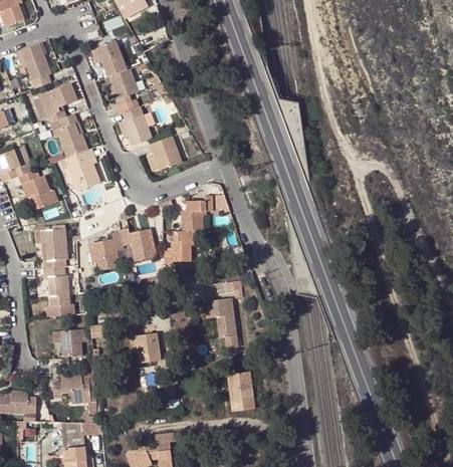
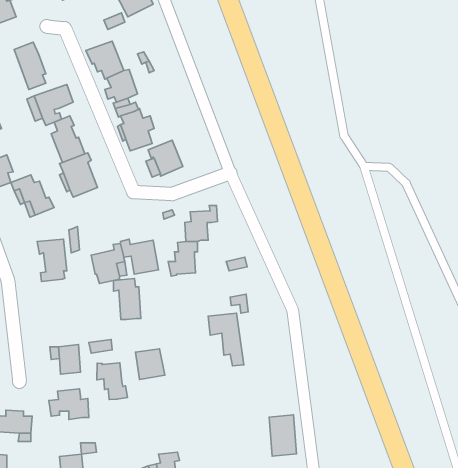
building: [45,267,71,306] -> [113,278,141,320]
building: none -> [97,363,128,399]
building: [230,371,256,410] -> [269,415,297,456]

